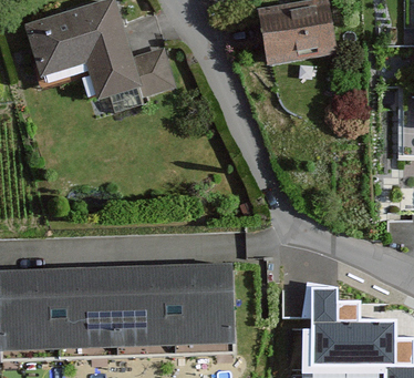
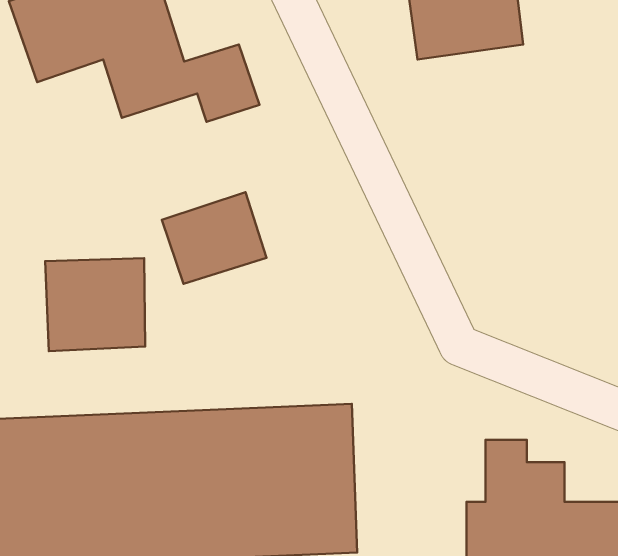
building: none -> [162,192,267,284]
building: none -> [45,258,145,351]

